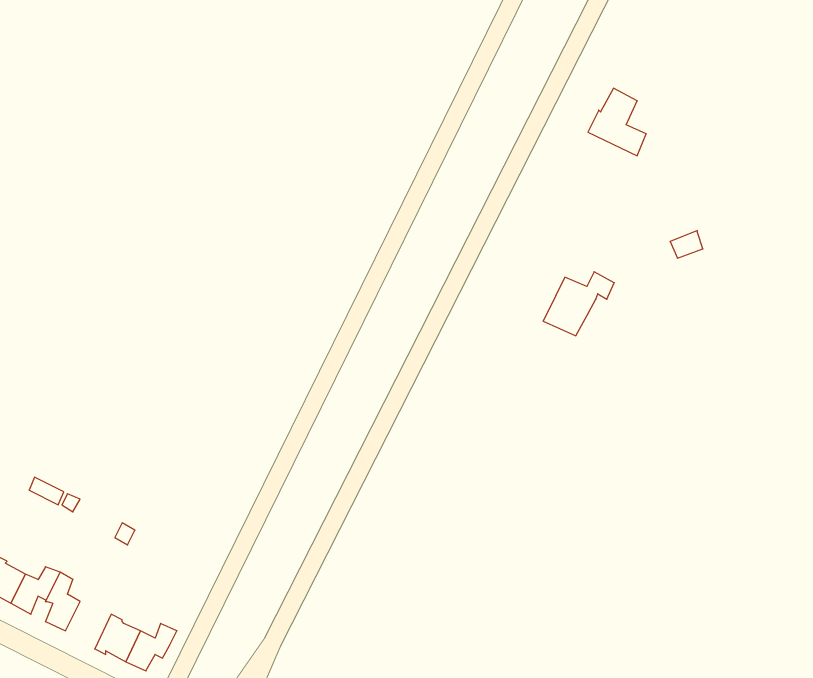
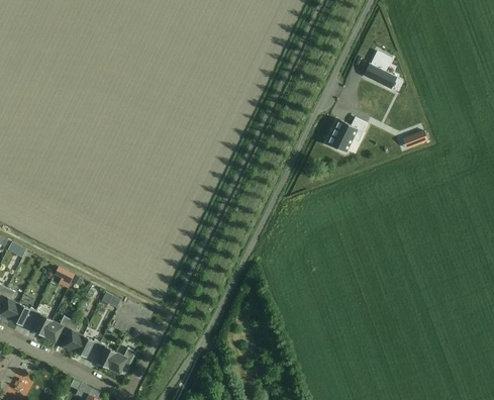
building: [543,272,614,336] -> [326,118,366,154]
building: none -> [74,336,99,363]

